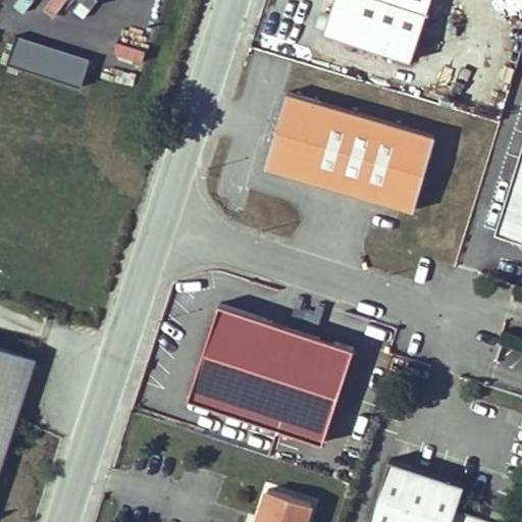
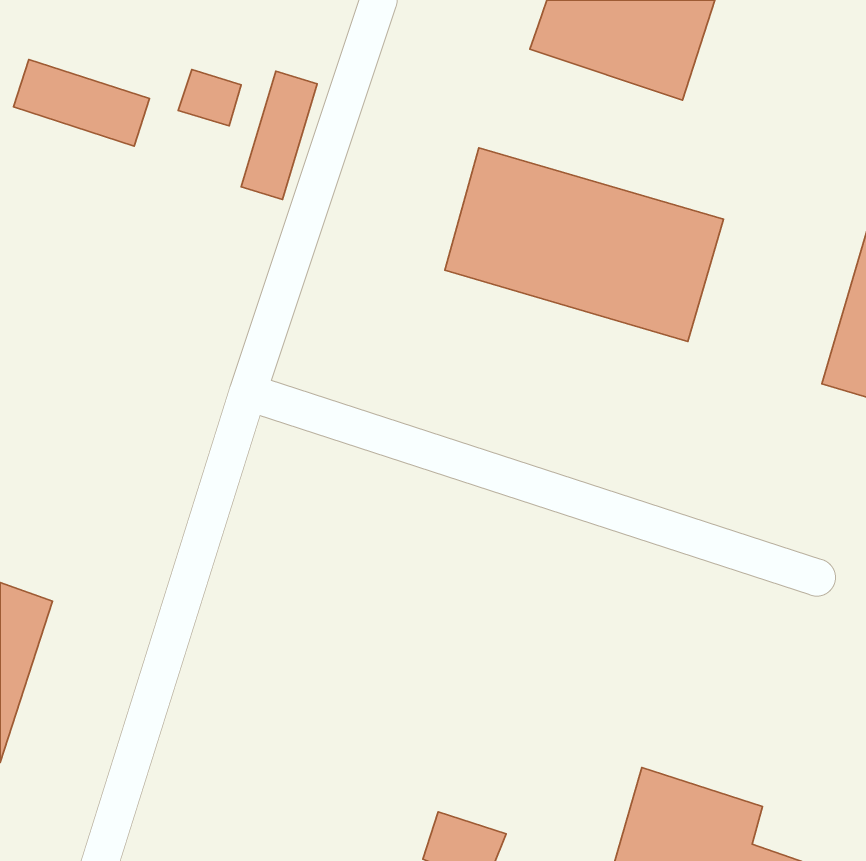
building: none -> [241,71,317,199]
building: [188,305,355,445] -> none

